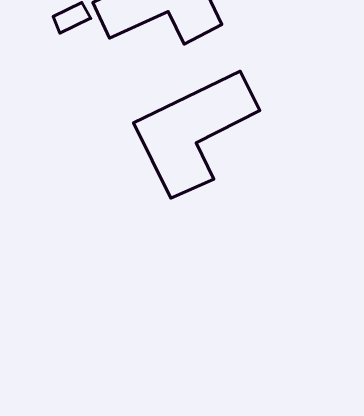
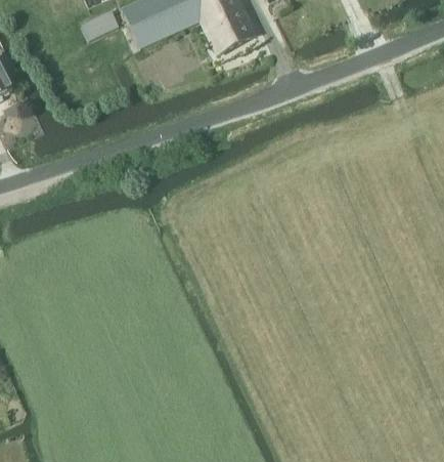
building: [134,71,260,198] -> none

